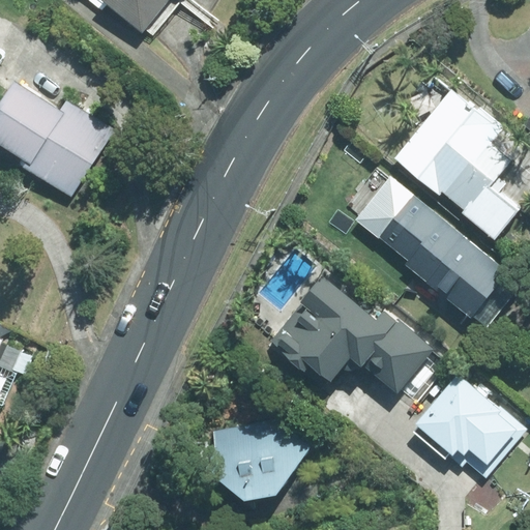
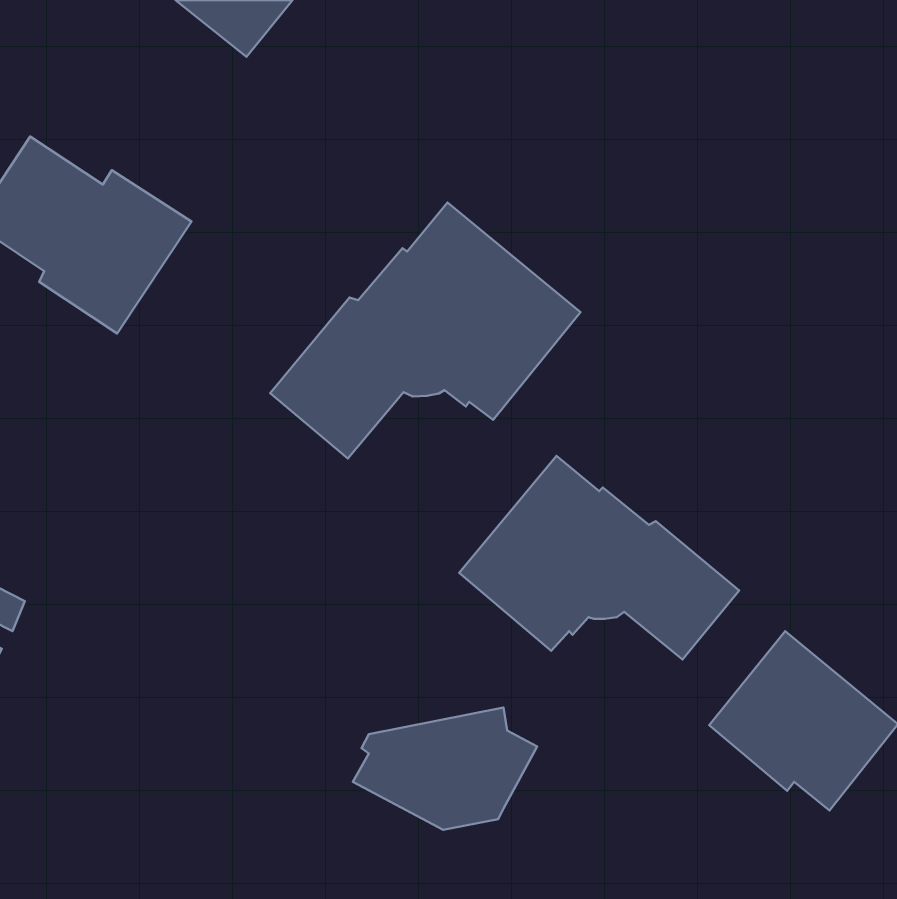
building: [393,90,519,238] -> none
building: none -> [270,202,581,458]
building: [356,175,508,316] -> none

